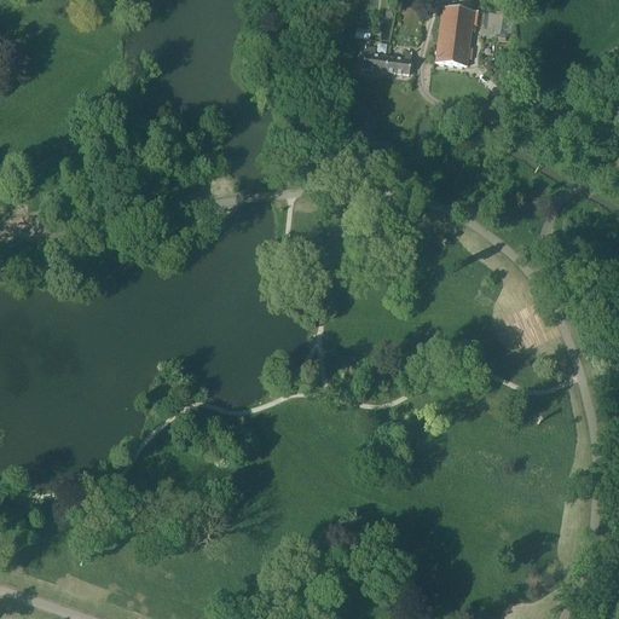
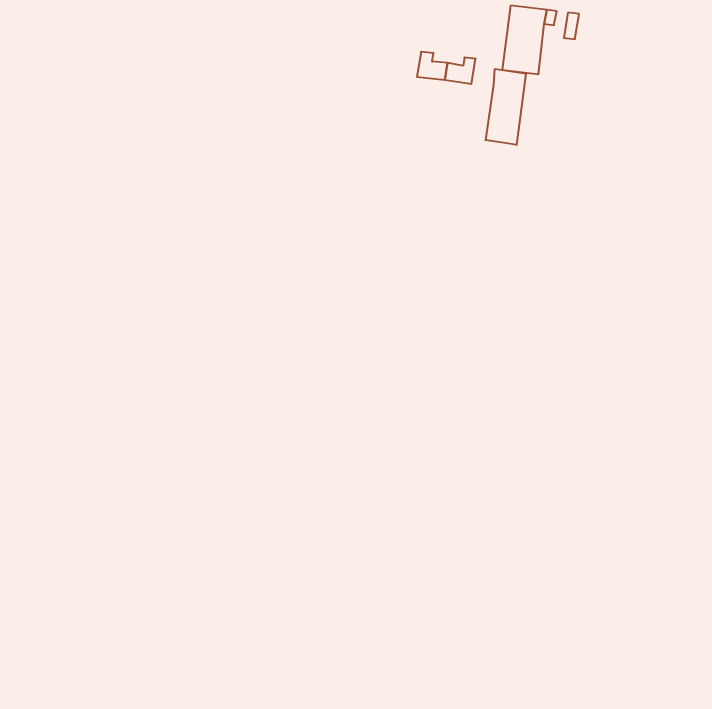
building: none -> [486,69,526,145]

